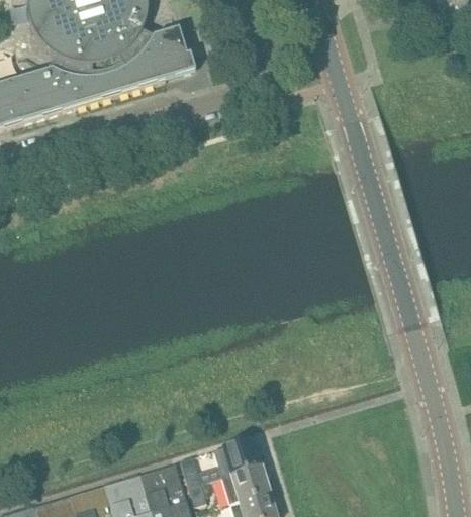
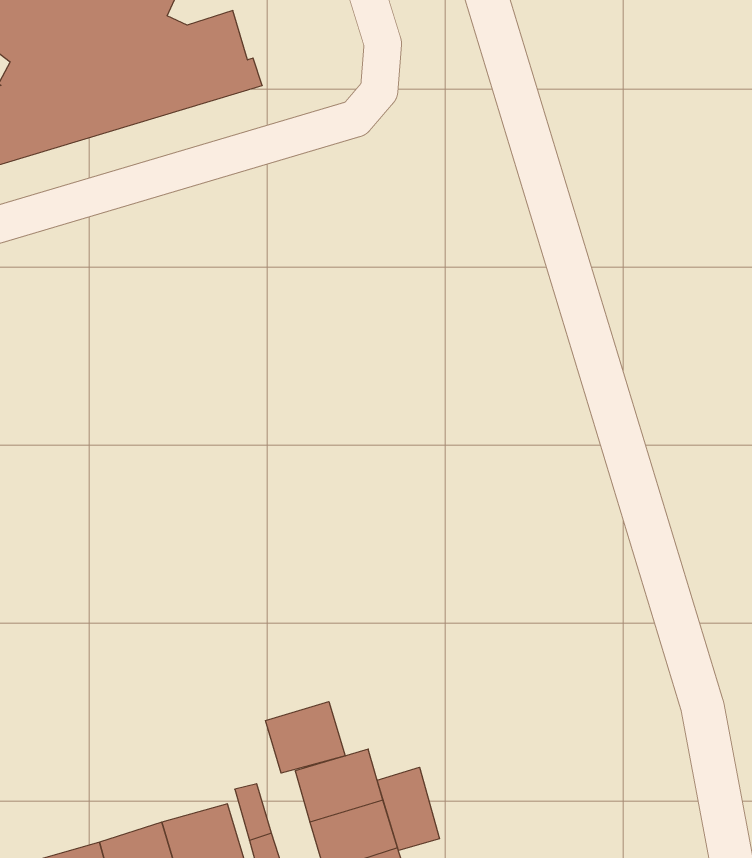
building: none -> [266,702,345,773]
building: none -> [377,767,439,851]

